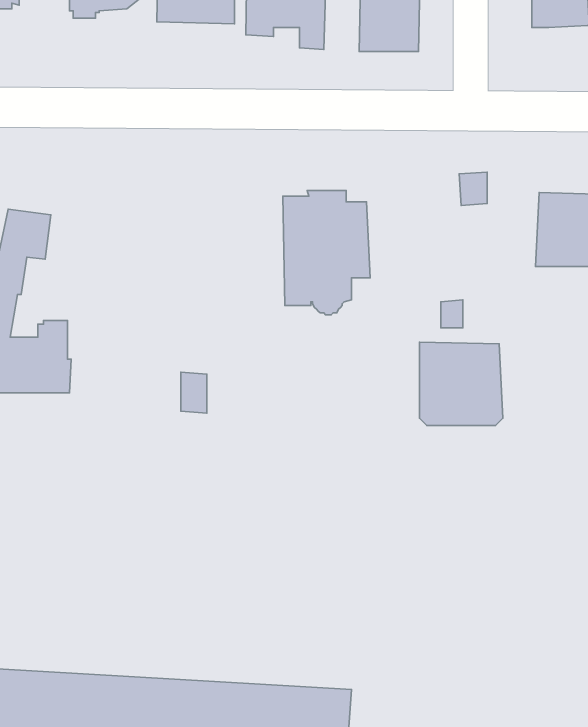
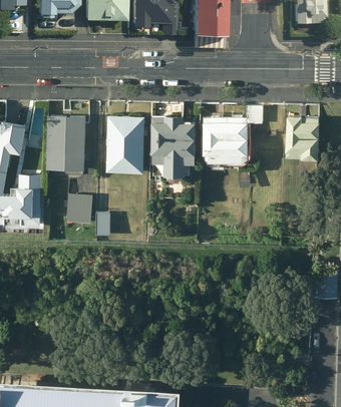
building: none -> [49,114,89,168]
building: none -> [108,114,148,171]
building: none -> [68,193,94,224]
building: [419,342,503,426] -> [205,116,250,161]

